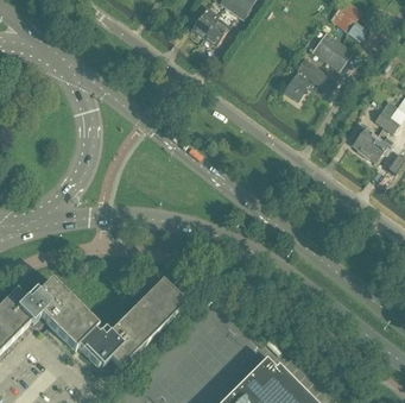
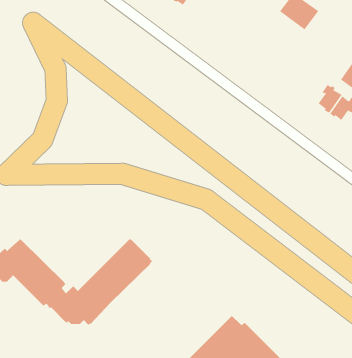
building: [284,58,333,101] -> none

